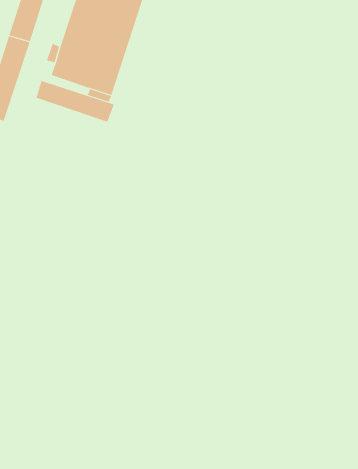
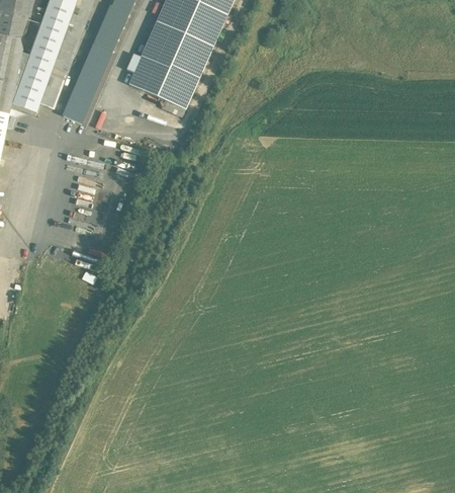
building: [36,80,114,122] -> none

